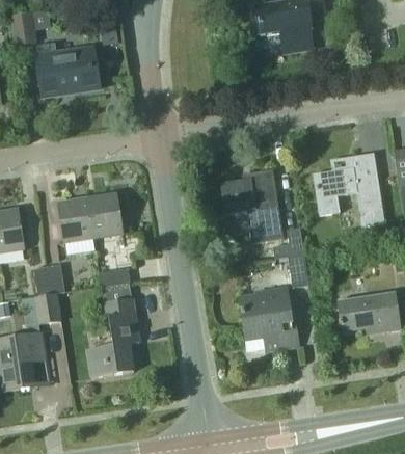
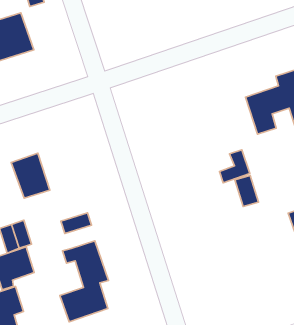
building: [219,168,282,243] -> none
building: [86,192,122,237] -> none
building: [239,288,297,350] -> none

